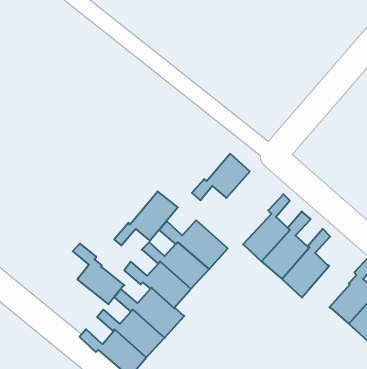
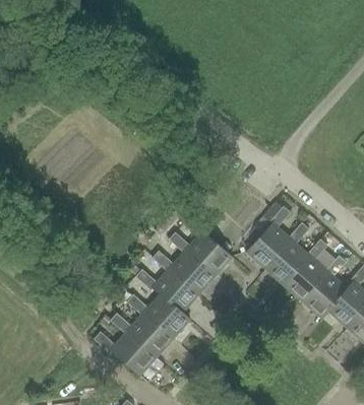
building: [192,154,250,200] -> none
building: [114,191,178,246] -> none
building: [73,244,125,304] -> none
building: none -> [301,256,346,319]

